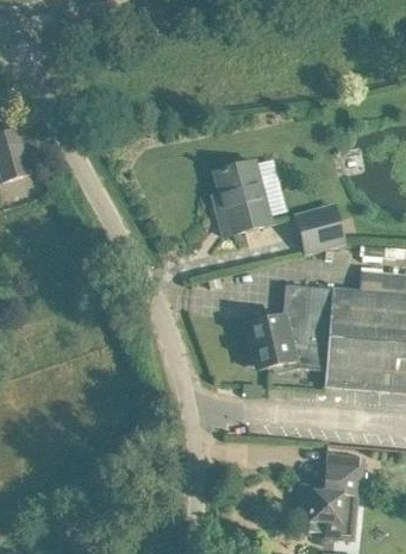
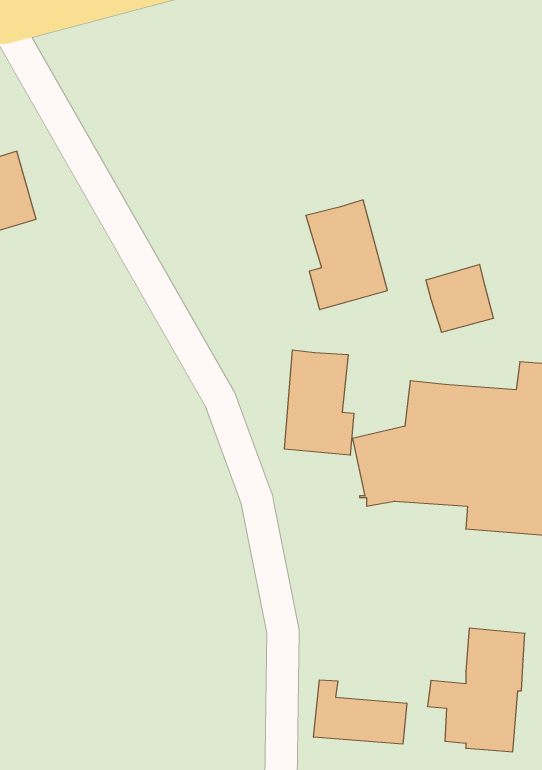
building: none -> [285,350,354,455]
building: none -> [314,680,407,744]

